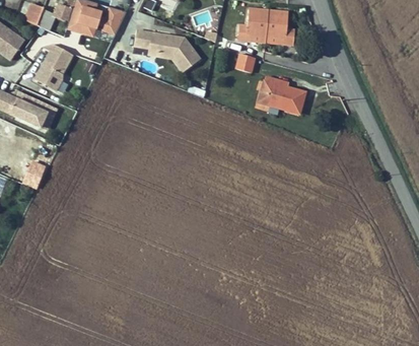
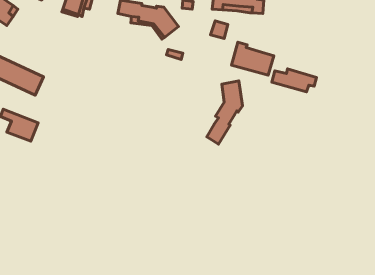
building: [31,42,74,94] -> none
building: none -> [272,69,317,92]
building: none -> [207,81,243,144]

